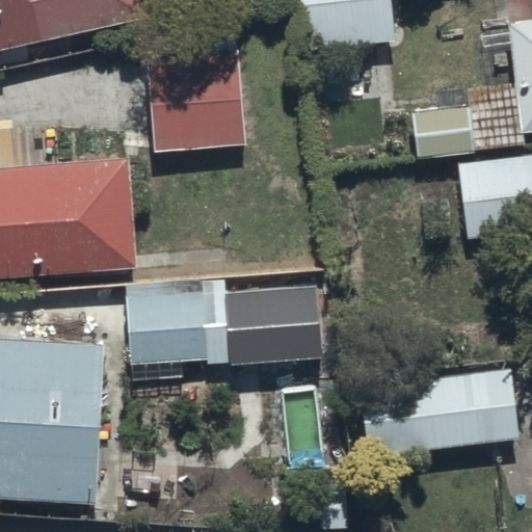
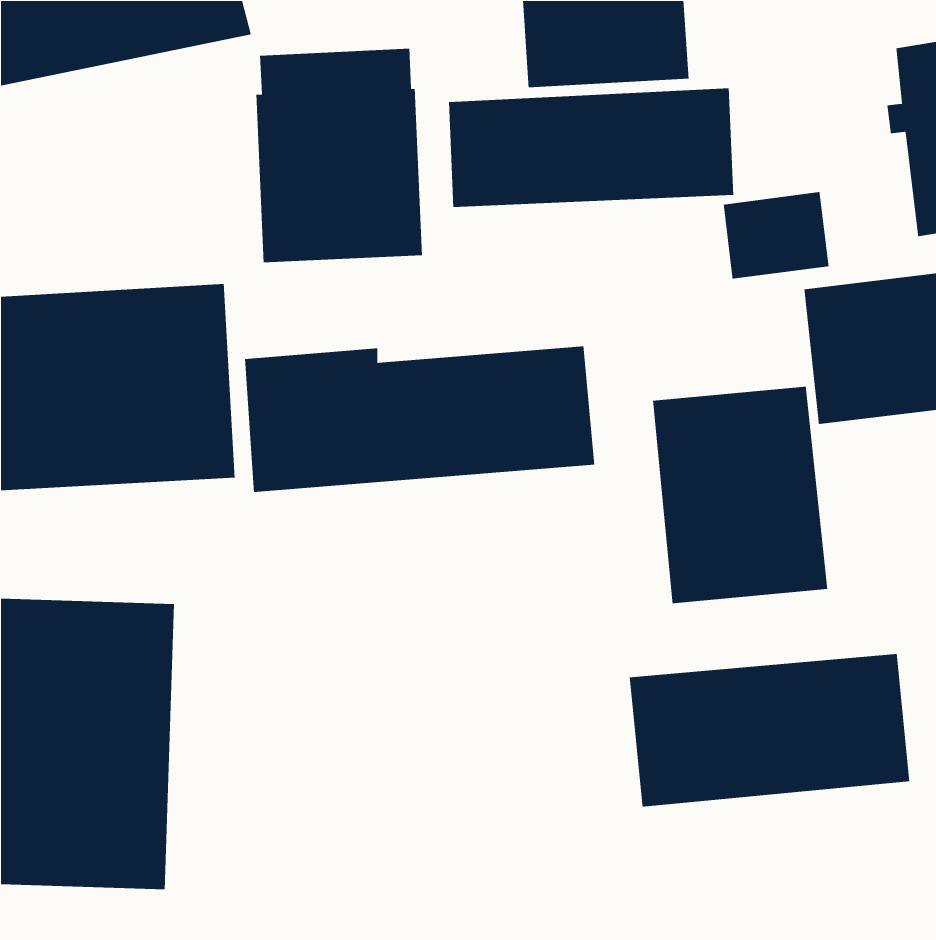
building: none -> [448,88,734,208]
building: none -> [652,386,828,604]
building: [128,280,326,363] -> [244,346,595,493]

